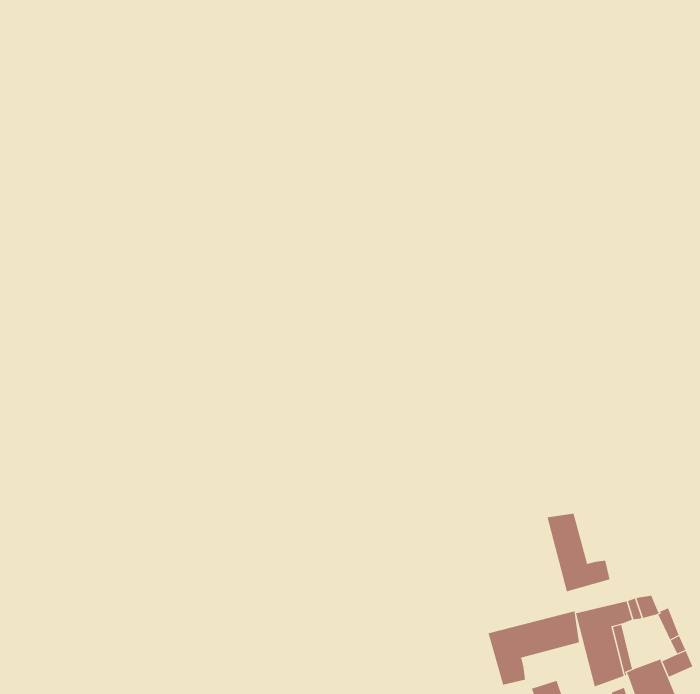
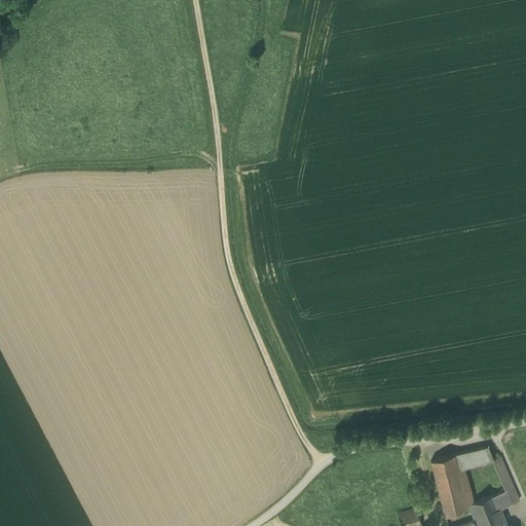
building: [547,513,610,592] -> none
building: [488,610,579,686] -> none

